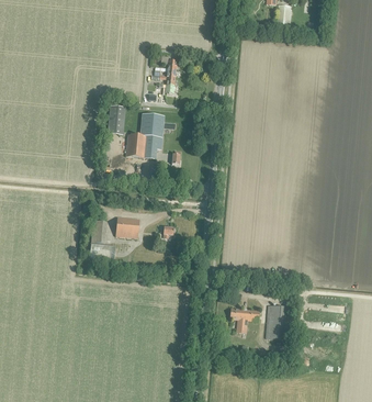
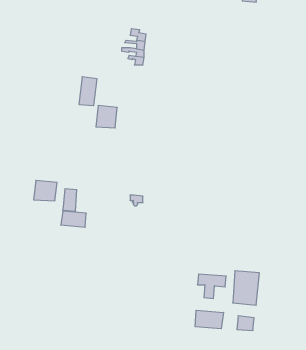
building: [140,113,165,159] -> none
building: [115,216,139,237] -> [34,180,57,201]
building: none -> [195,310,224,329]

